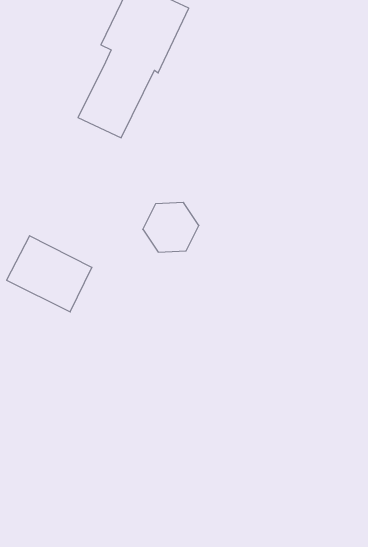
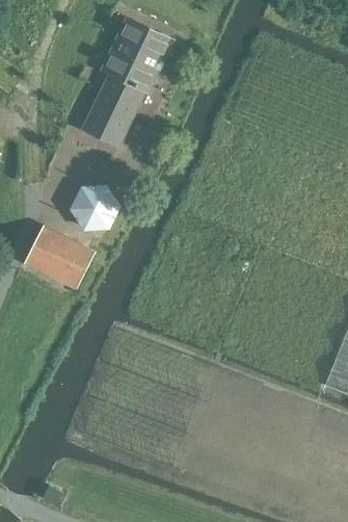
building: [143,202,199,252] -> [72,187,117,228]

